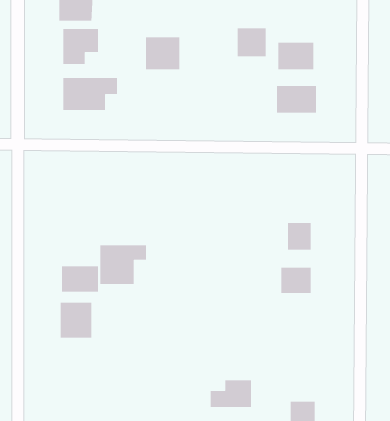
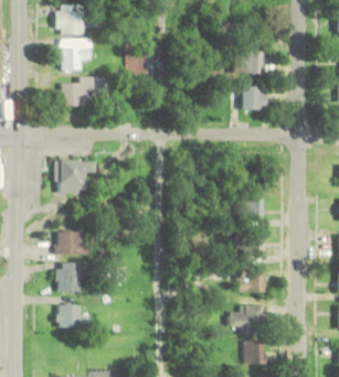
building: [237,27,266,57] -> none
building: [99,244,147,285] -> [56,160,95,193]
building: none -> [237,270,264,292]
building: none -> [57,304,91,330]
building: [210,379,252,408] -> [229,305,263,328]

